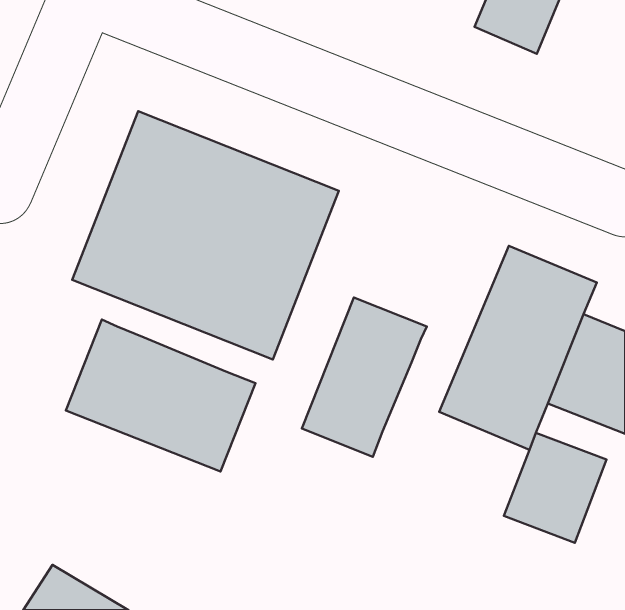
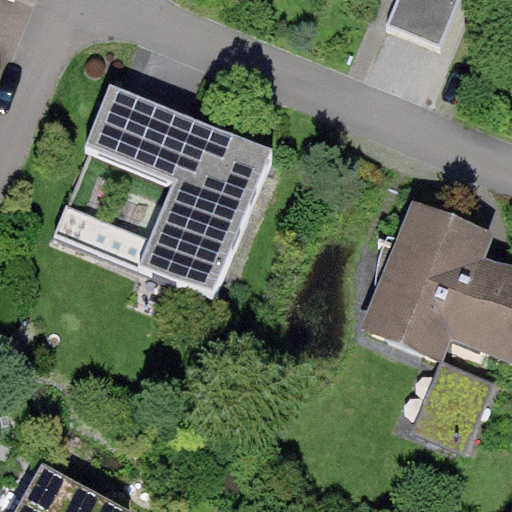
building: [302,298,427,457] -> none
building: [66,319,256,472] -> none

